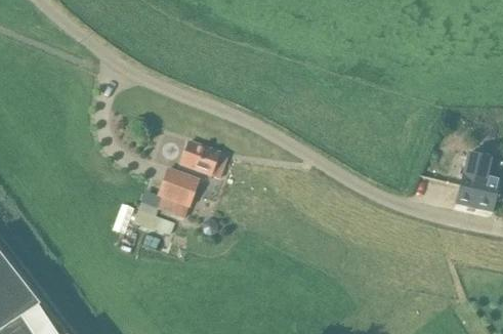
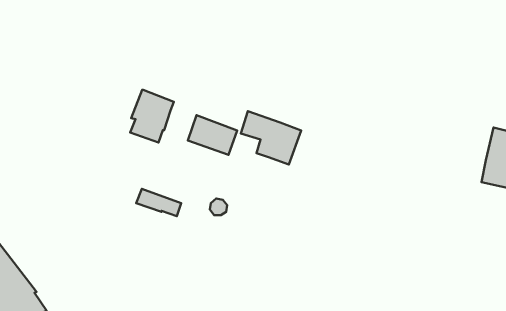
building: none -> [241,111,301,165]
building: [159,168,200,217] -> [130,90,174,142]

